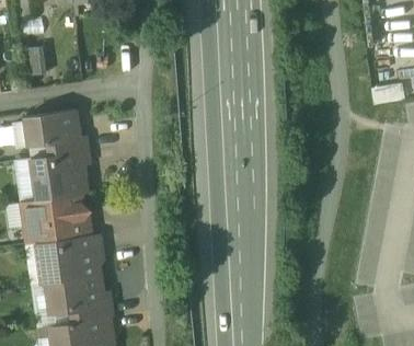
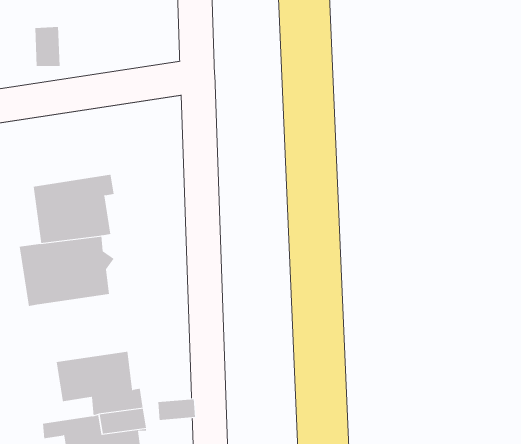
building: [24,109,87,159] -> none
building: [34,234,99,285] -> none

